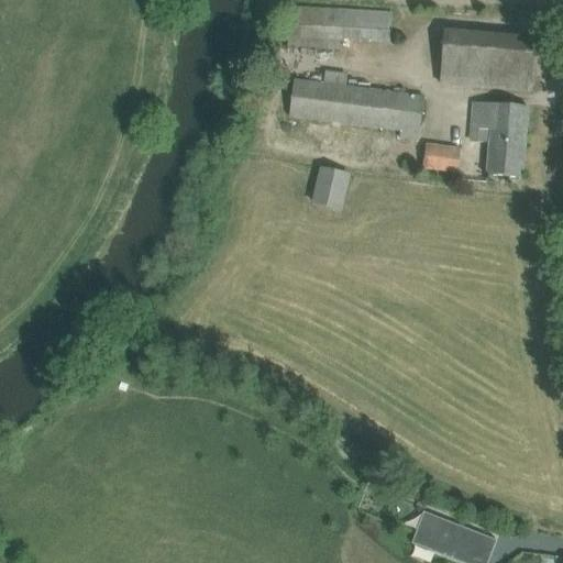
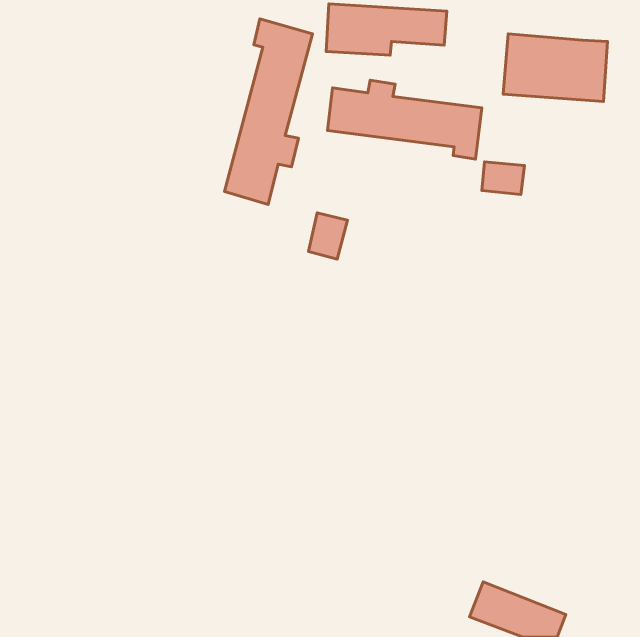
building: none -> [225,19,313,204]
building: [471,99,527,176] -> none
building: [313,166,347,207] -> [308,213,347,259]

